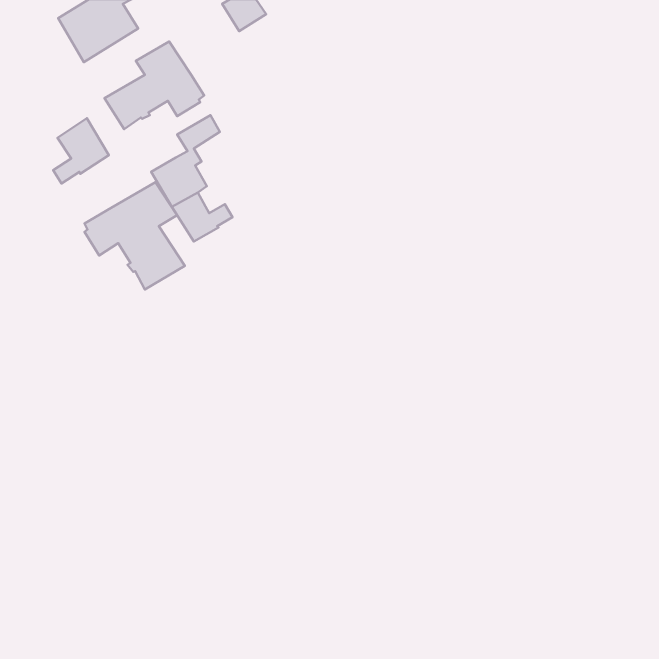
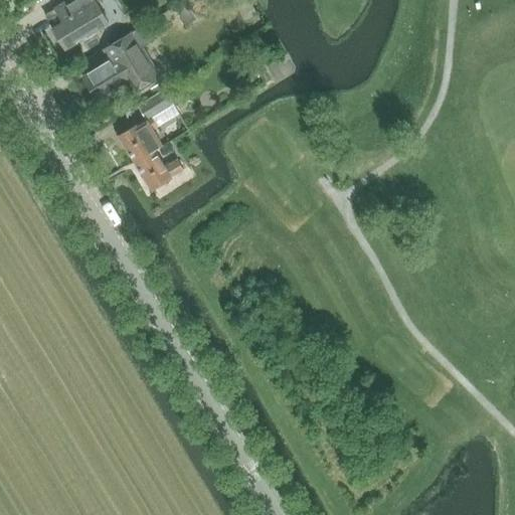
building: [53,118,109,183] -> none
building: [84,182,185,290] -> none

